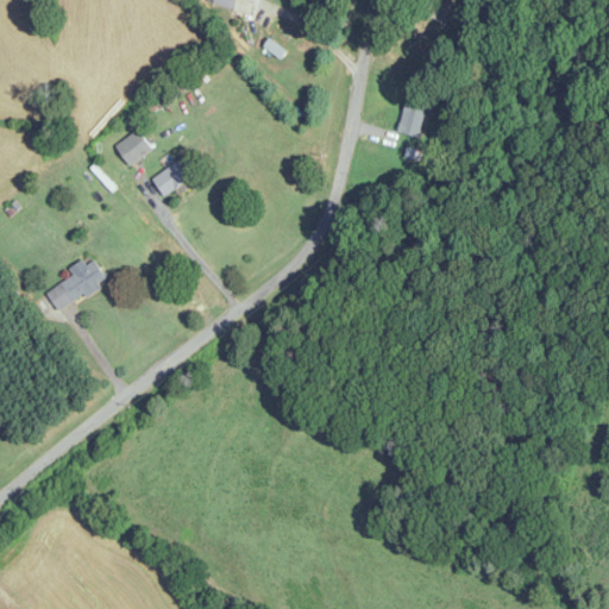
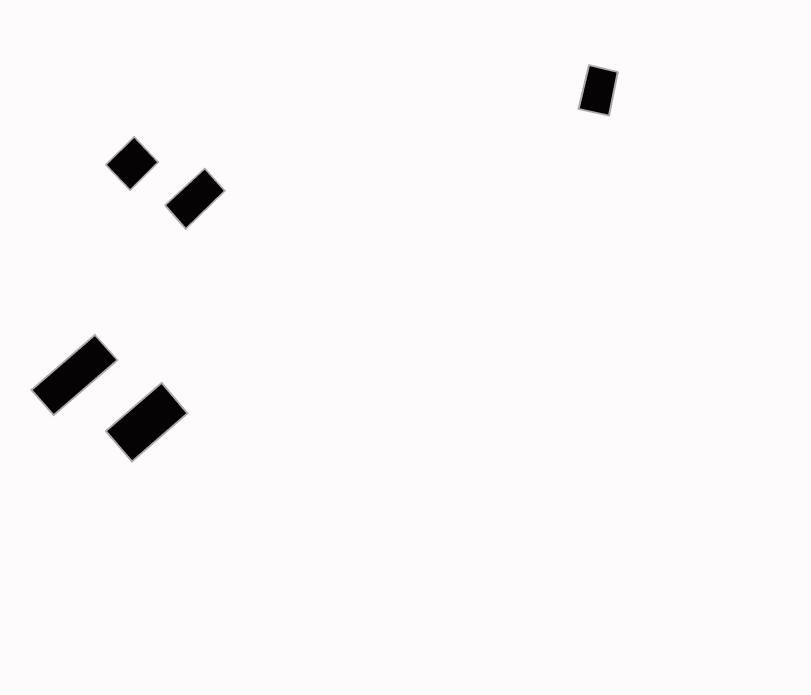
building: [396,101,426,137] -> [578,65,618,115]
building: none -> [106,383,188,462]

